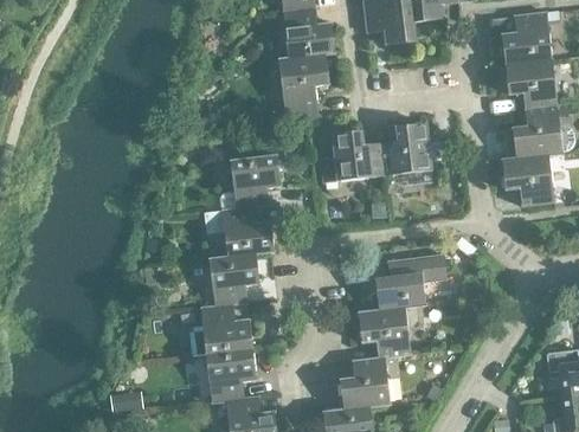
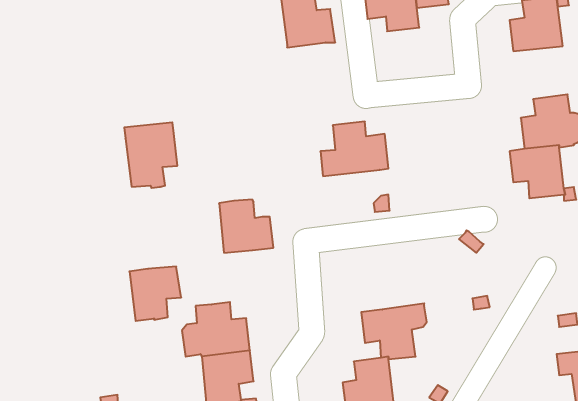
building: [278,54,328,120] -> none
building: [504,58,557,109] -> none
building: [381,123,432,175] -> none
building: [230,144,281,207] -> [124,122,177,188]
building: [210,253,259,305] -> [129,267,181,321]
building: [375,254,446,310] -> none

